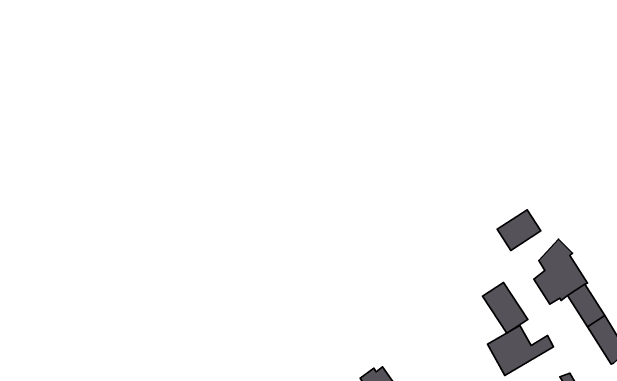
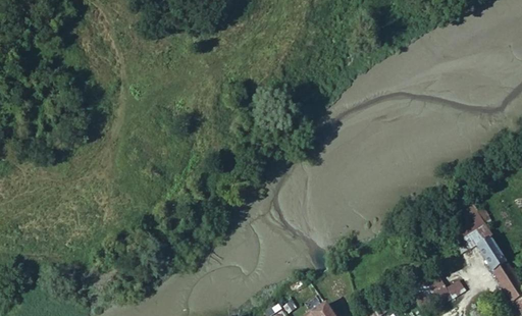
building: [497,210,541,250] -> none
building: [483,282,528,333] -> none

